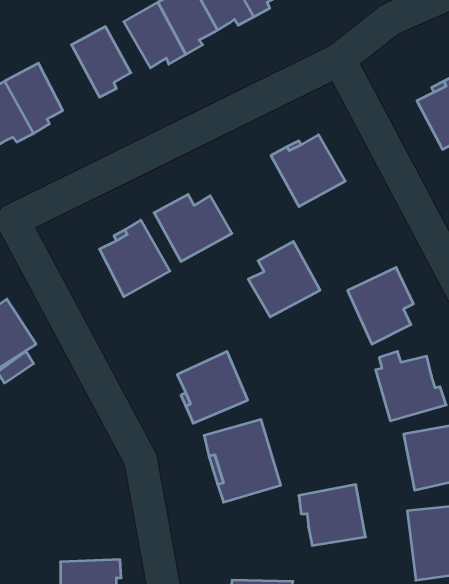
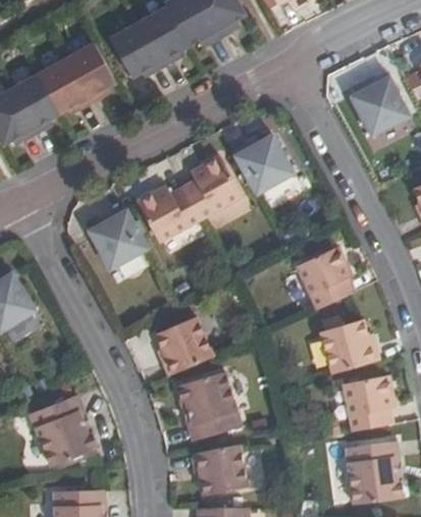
building: none -> [38,57,89,112]
building: [248,241,320,317] -> [181,152,242,215]
building: none -> [33,397,99,467]
building: [299,485,366,545] -> [194,443,250,494]

